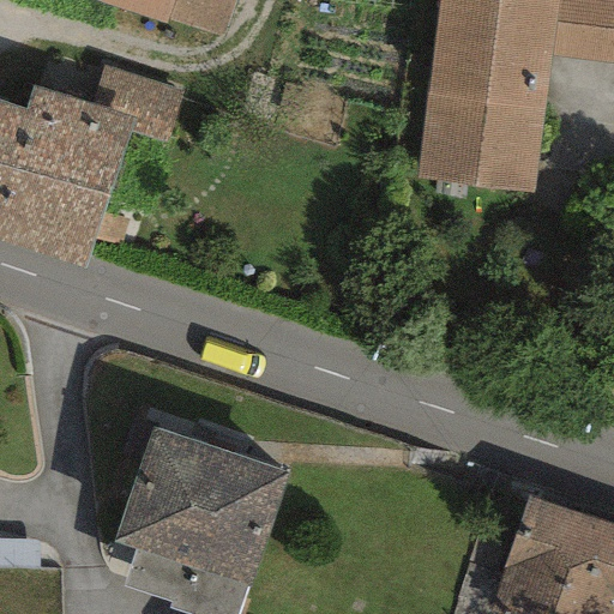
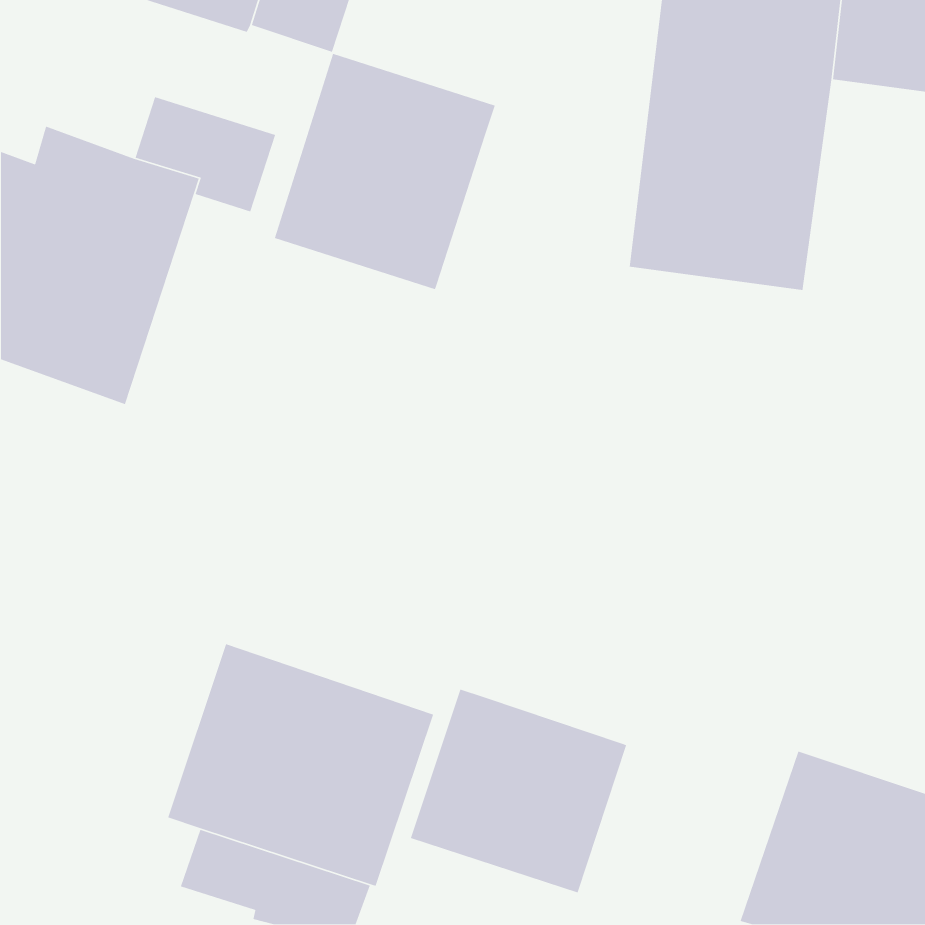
building: none -> [274,53,496,290]
building: none -> [410,688,627,894]

